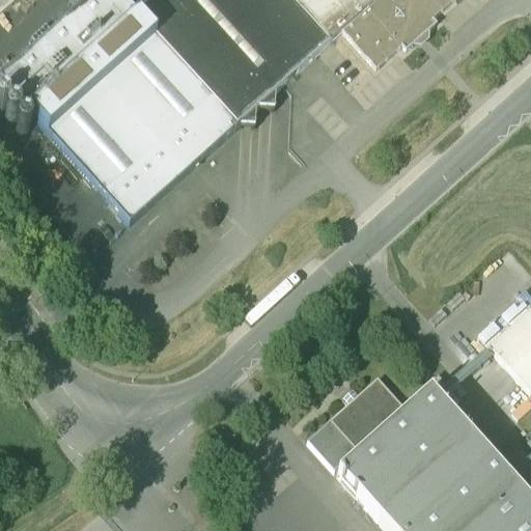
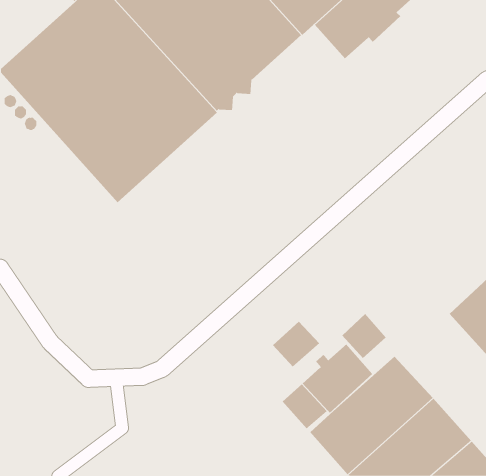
building: none -> [341,313,387,359]
building: none -> [272,321,320,368]

